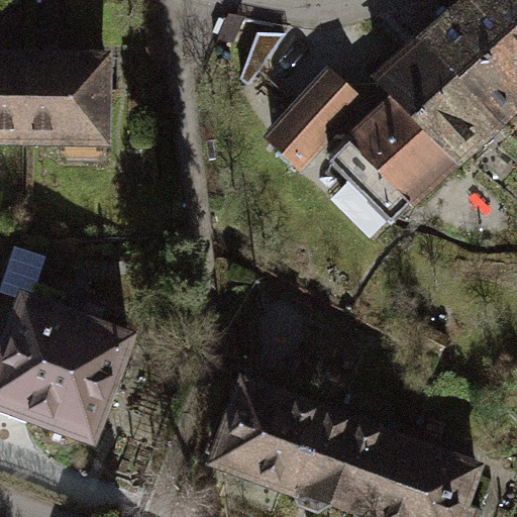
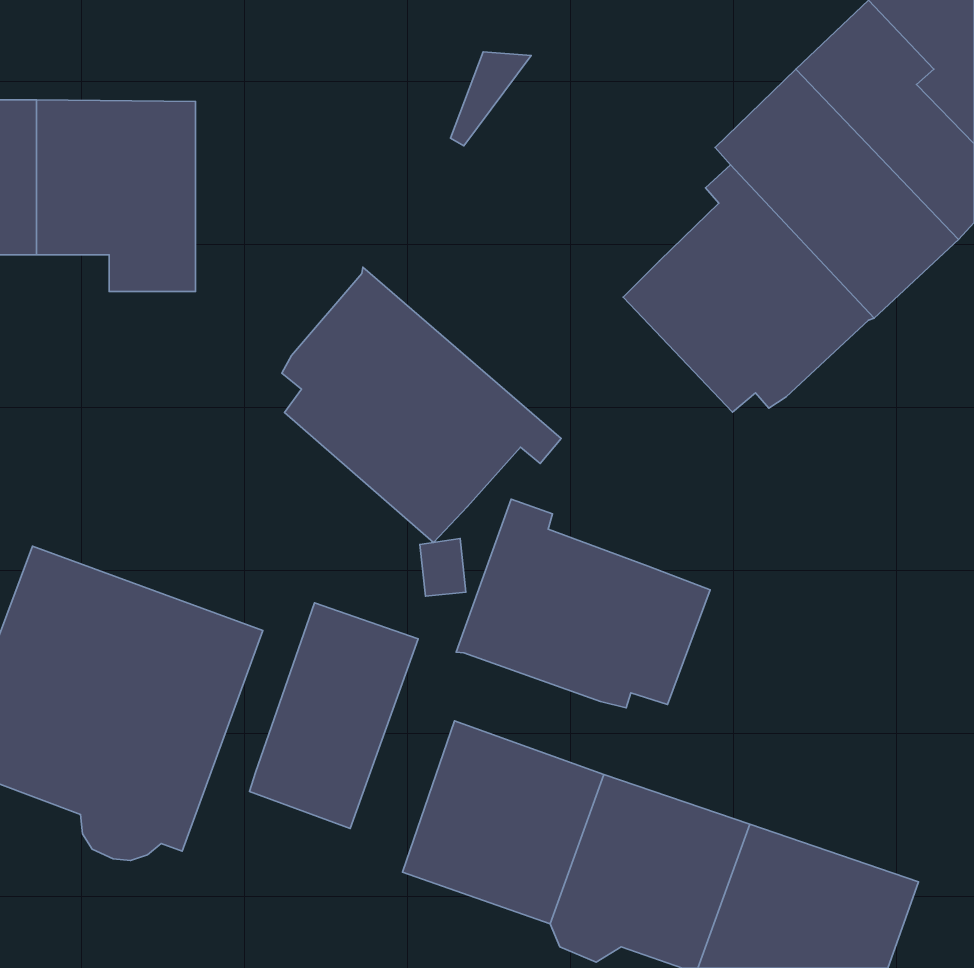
building: [265,66,366,171] -> none
building: none -> [282,267,561,542]
building: none -> [456,499,710,708]
building: none -> [250,603,418,829]

